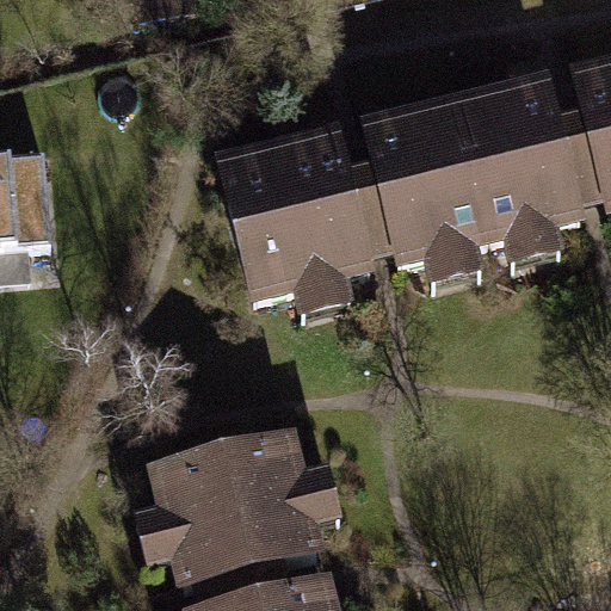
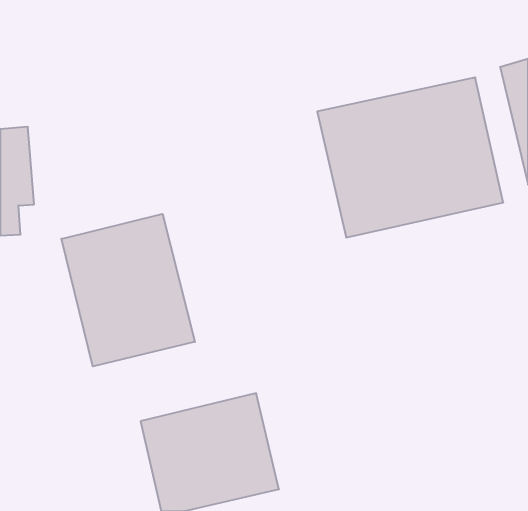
building: [217,135,376,317] -> none
building: none -> [61,214,195,366]

